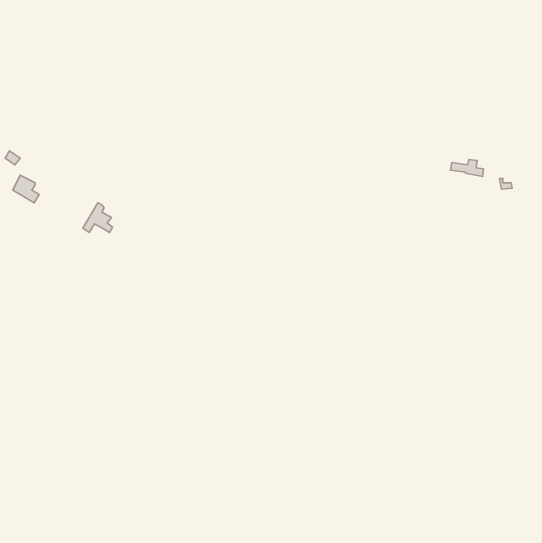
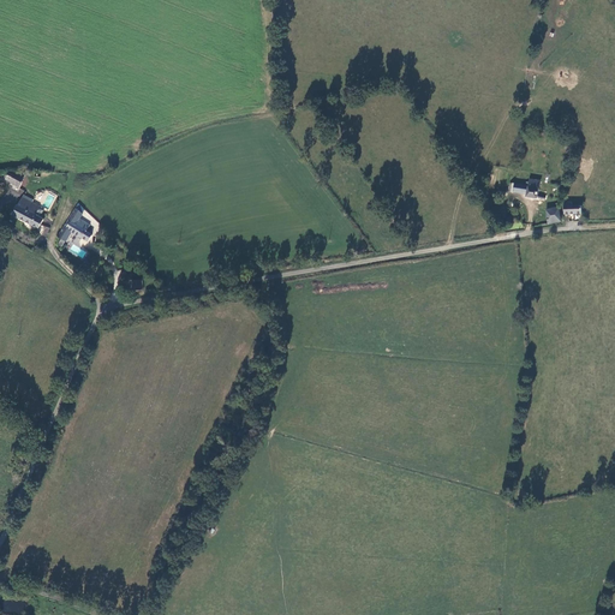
building: [83,203,113,232] -> [59,207,92,240]

